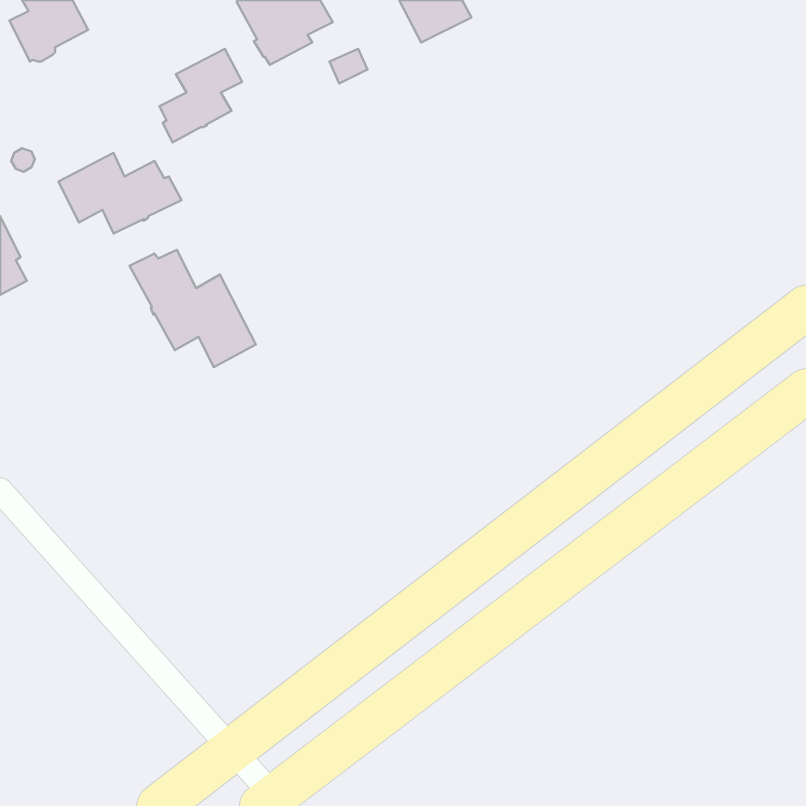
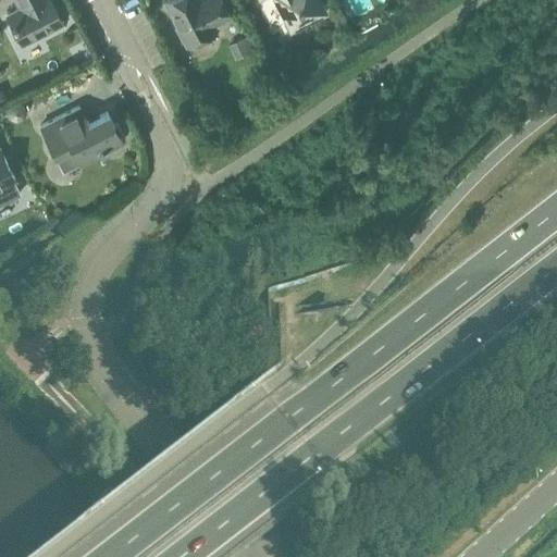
building: [160,49,242,142] -> none
building: [129,250,256,367] -> none

